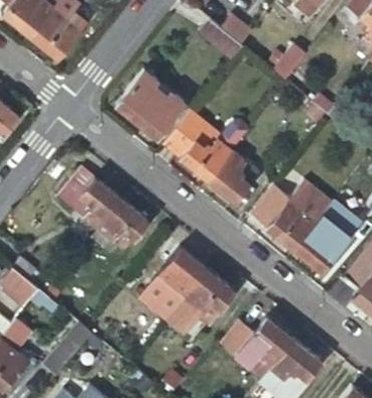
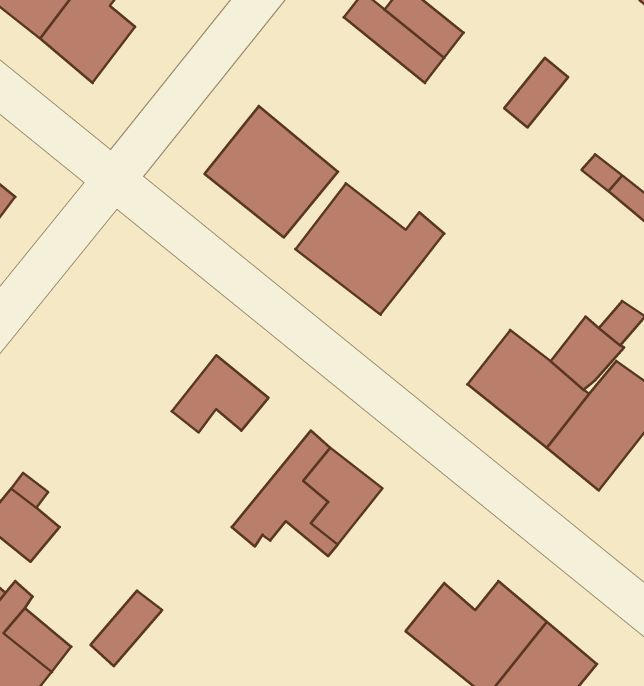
building: [208,151,257,202] -> none
building: [60,169,122,230] -> none
building: [168,270,236,334] -> none

